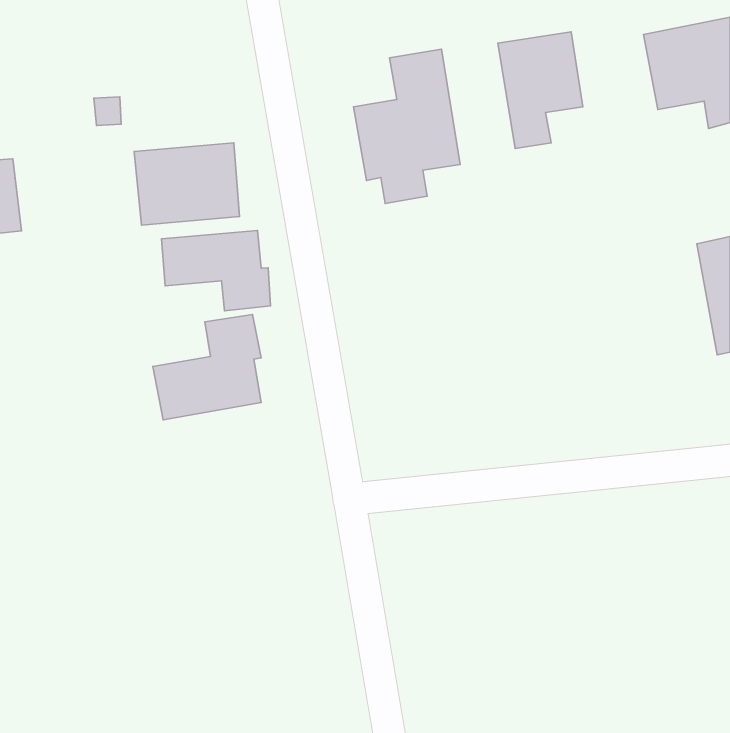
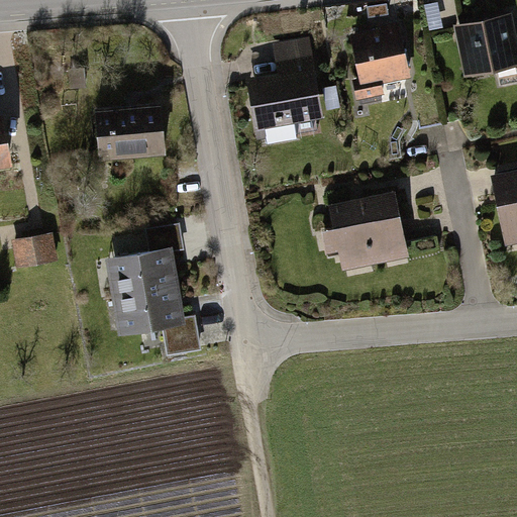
building: [162,231,271,311] -> none
building: none -> [322,191,408,273]
building: none -> [8,234,56,271]
building: none -> [114,285,201,354]

